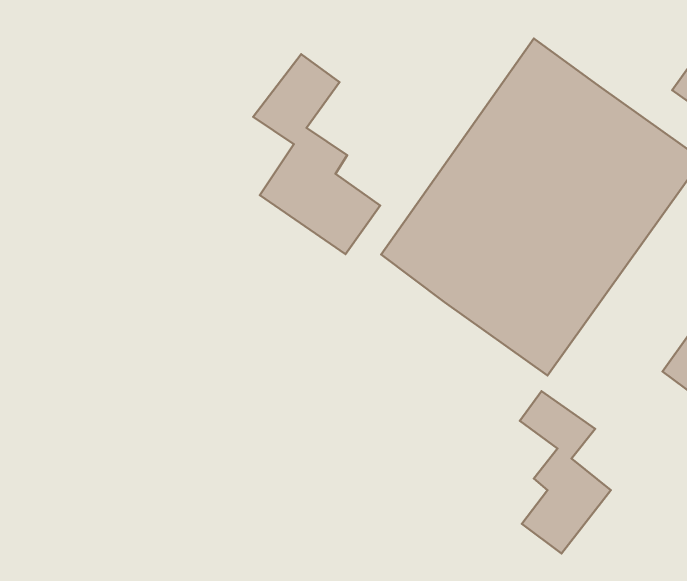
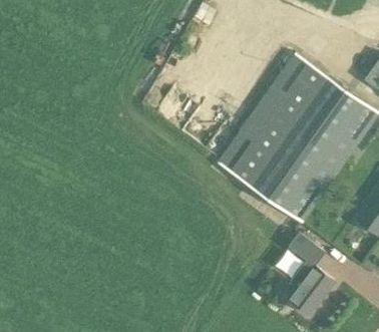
building: [253,54,380,254] -> none

